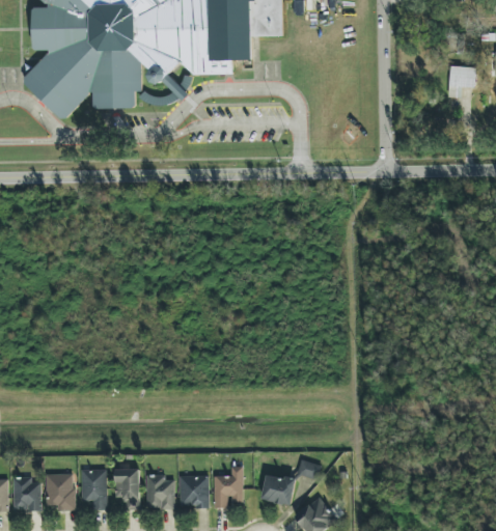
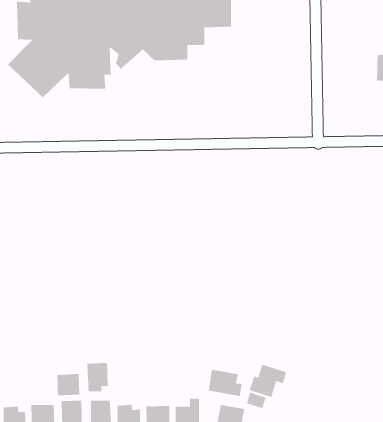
building: none -> [87,362,108,392]
building: none -> [249,364,287,398]
building: none -> [208,369,242,397]
building: none -> [57,373,80,396]

